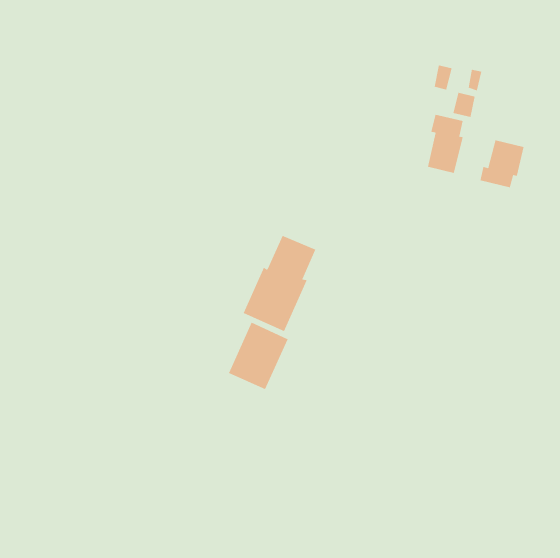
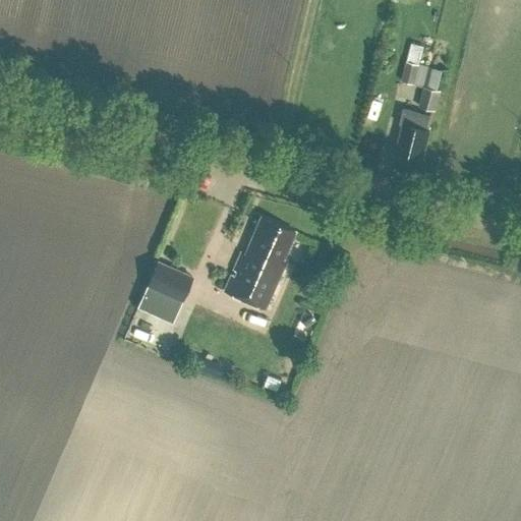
building: [480,140,524,188] -> none
building: [228,322,289,390] -> [137,259,193,323]

